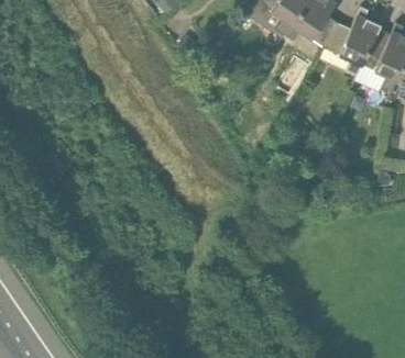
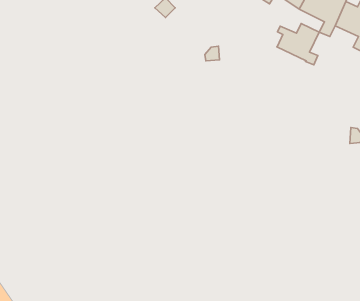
building: none -> [277,23,319,65]

